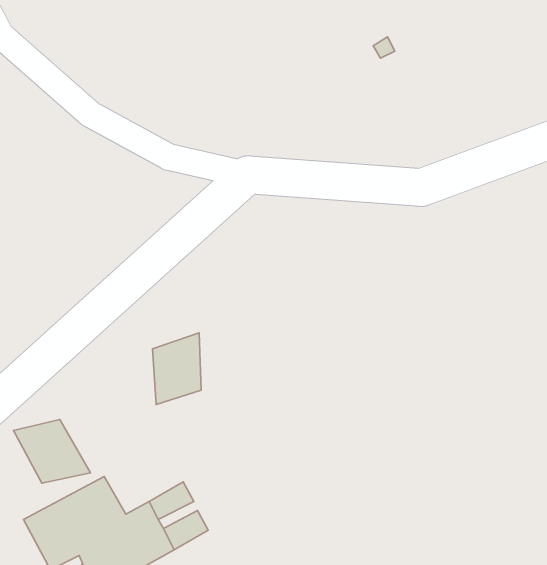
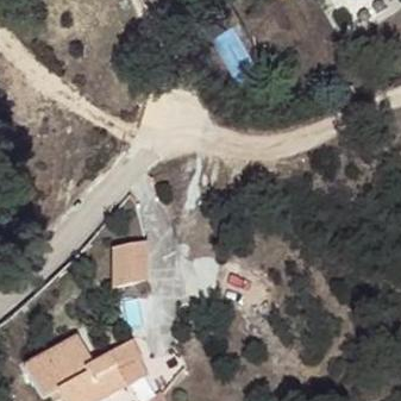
building: [14,420,90,483] -> none

